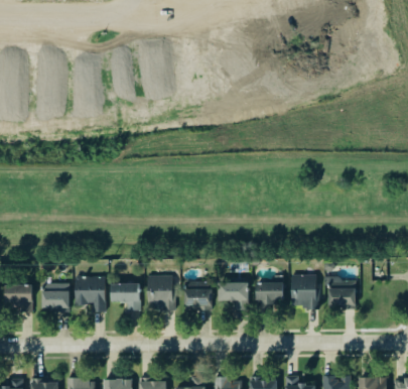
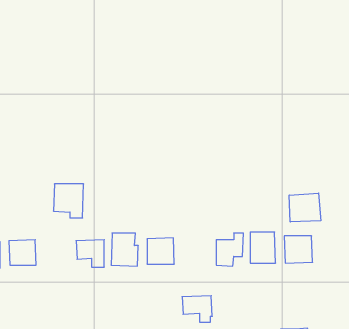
building: none -> [289,193,321,222]
building: [75,276,106,311] -> [53,184,84,218]
building: [218,281,249,308] -> [182,296,212,322]

